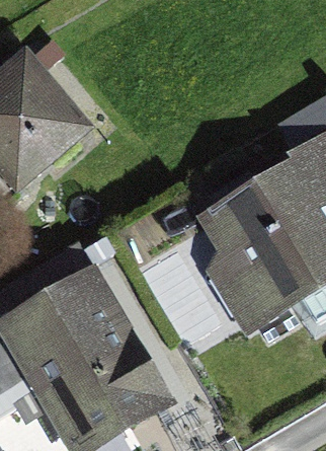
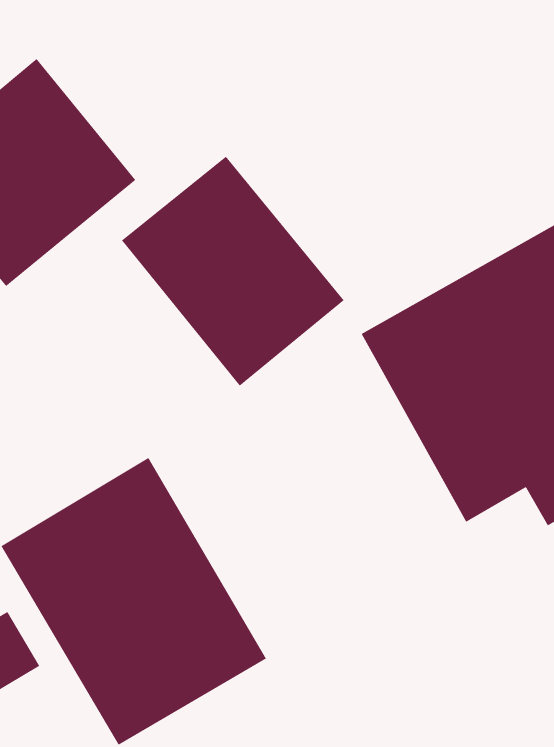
building: none -> [121,156,344,387]

